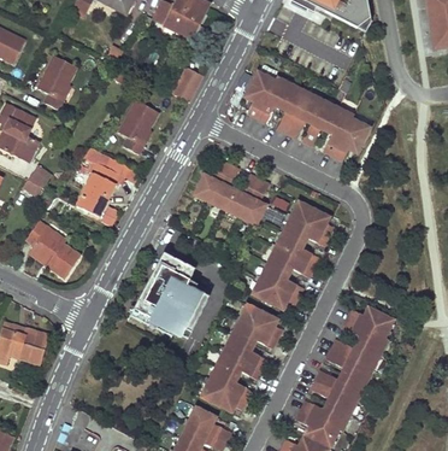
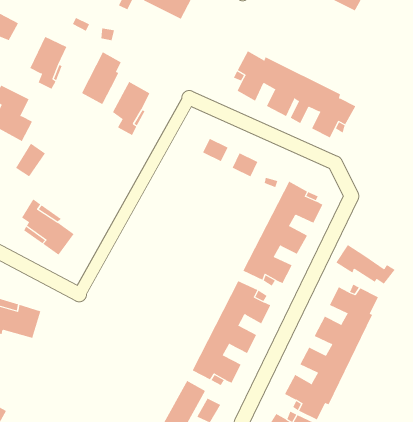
building: [166,63,202,101] -> none
building: [77,162,118,216] -> [81,52,121,105]
building: [193,174,264,223] -> none
building: [131,257,201,345] -> none
building: none -> [335,244,395,284]

